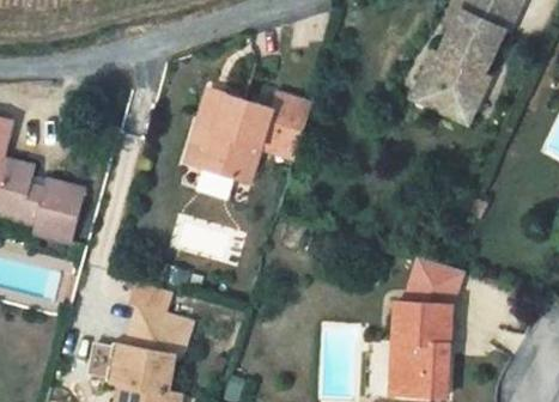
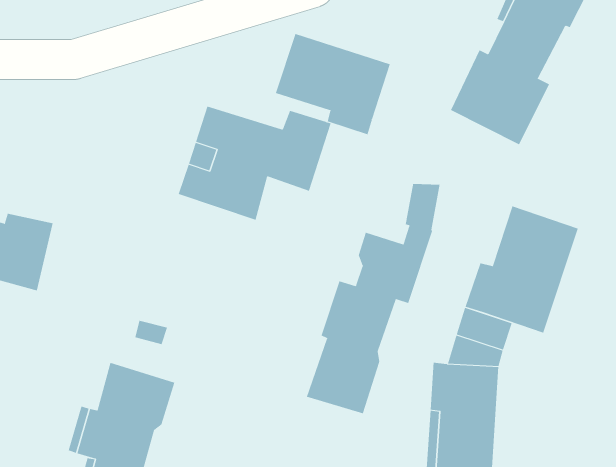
building: none -> [275,33,391,135]
building: none -> [306,183,440,414]
building: none -> [465,205,578,333]

